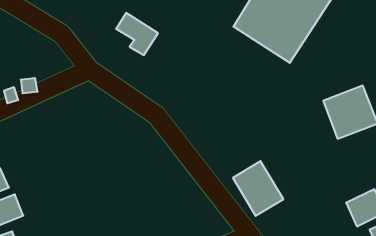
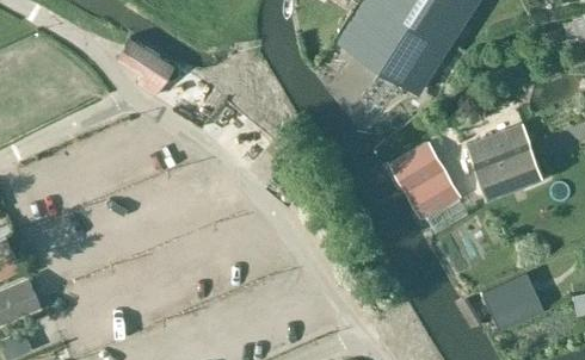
building: [116,13,158,55] -> [113,39,173,99]
building: [233,161,283,216] -> [388,144,460,222]

